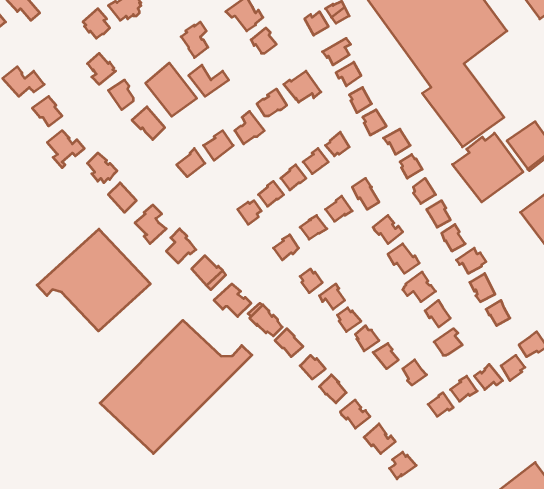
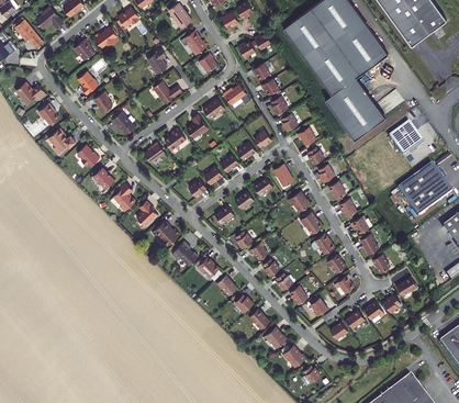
building: [146,63,197,116] -> none
building: [452,133,523,202] -> none
building: [37,229,150,331] -> none
building: [100,320,252,454] -> none

